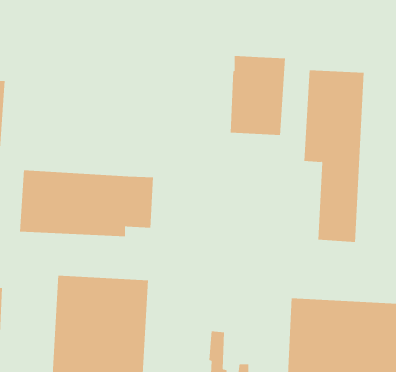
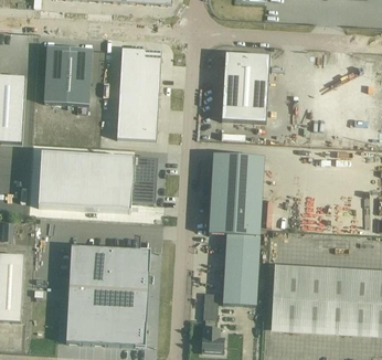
building: none -> [43,45,92,104]
building: none -> [116,46,161,139]
building: [304,70,365,242] -> [210,152,263,303]

